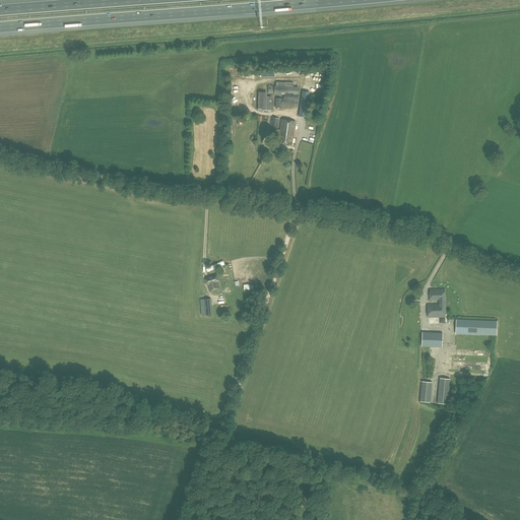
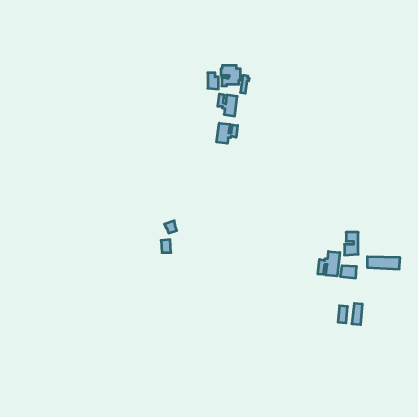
building: none -> [217,123,238,143]
building: none -> [318,251,340,276]

